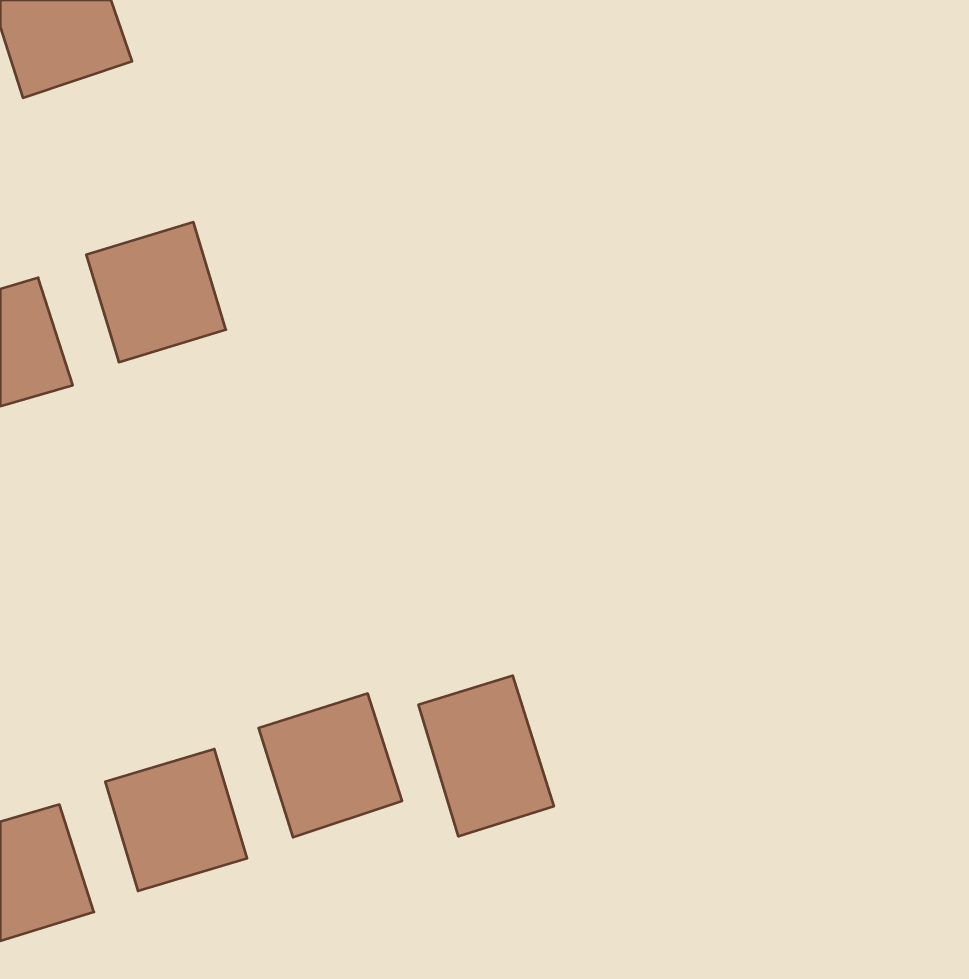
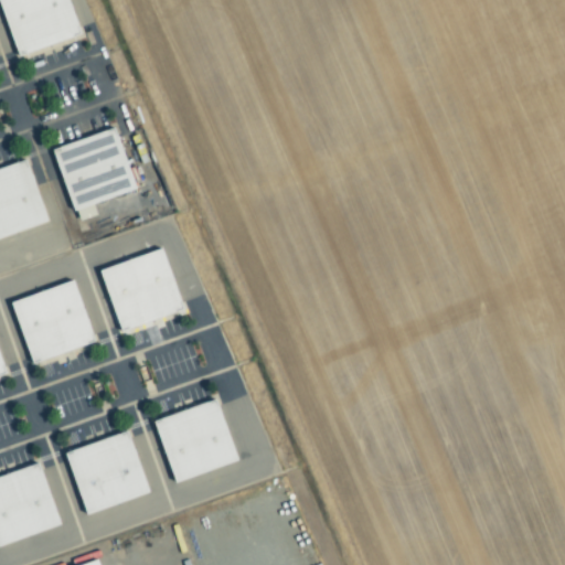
building: none -> [100,248,184,331]
building: none -> [12,280,95,363]
building: [419,676,554,836] -> none

